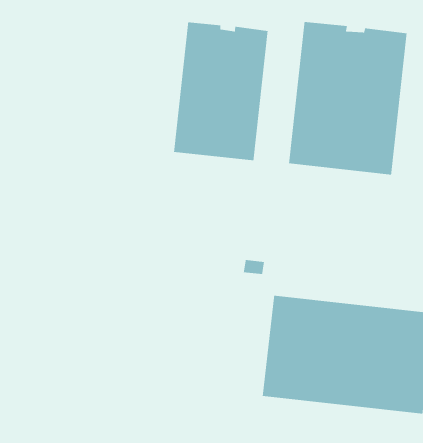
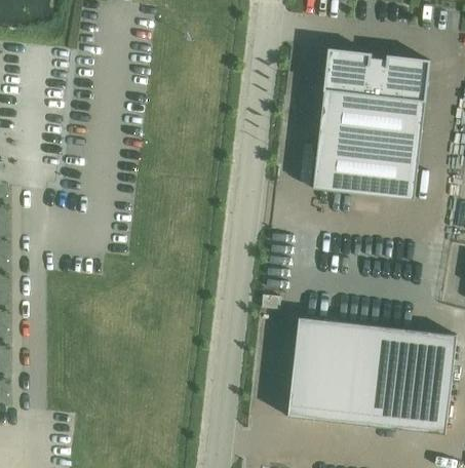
building: [173,22,269,161] -> none

